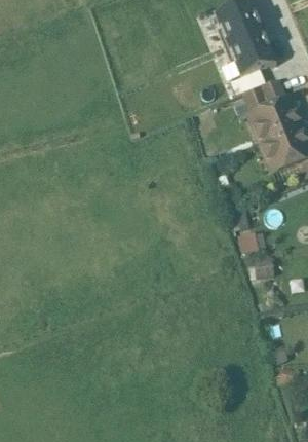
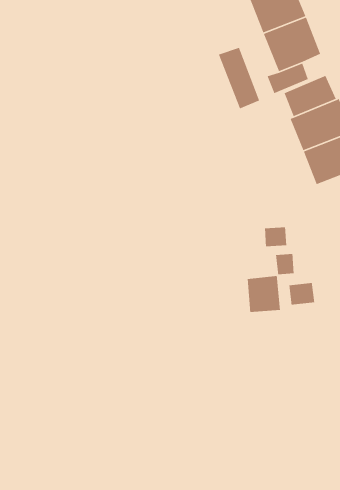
building: none -> [218,47,260,110]
building: none -> [247,275,281,313]

